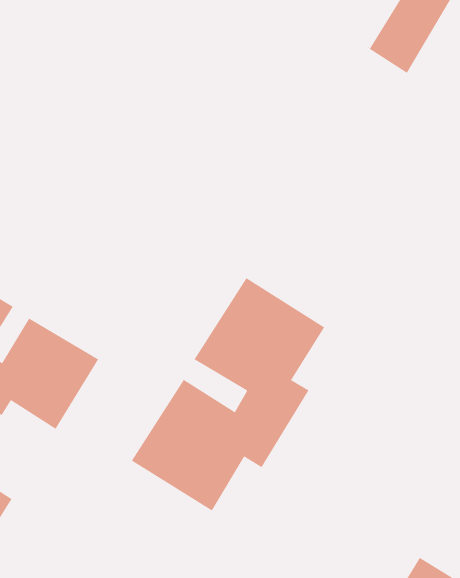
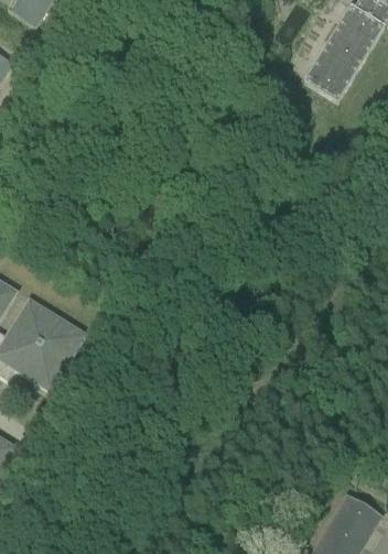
building: [131,277,325,512] -> none

